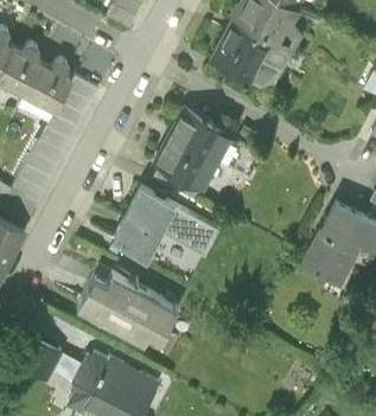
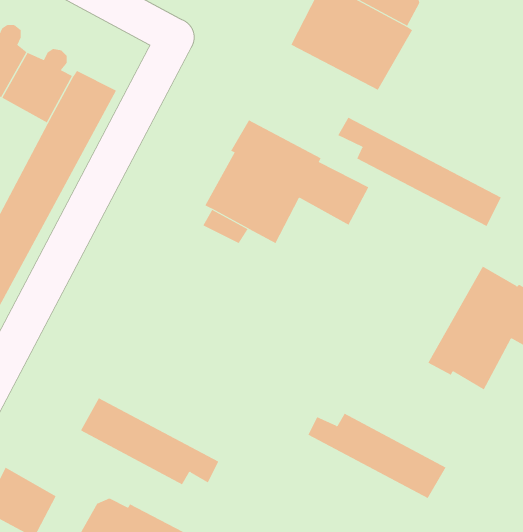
building: none -> [338,117,501,227]
building: [113,190,221,258] -> none
building: [88,274,178,329] -> [308,413,446,499]

